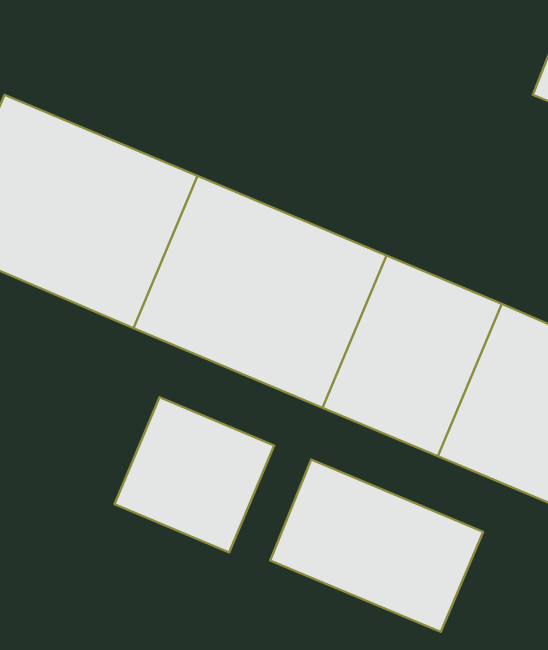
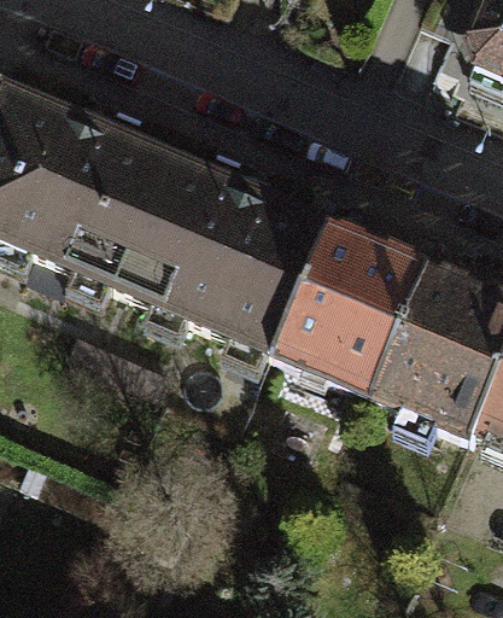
building: [115,397,274,552] -> none
building: [270,459,483,632] -> none

